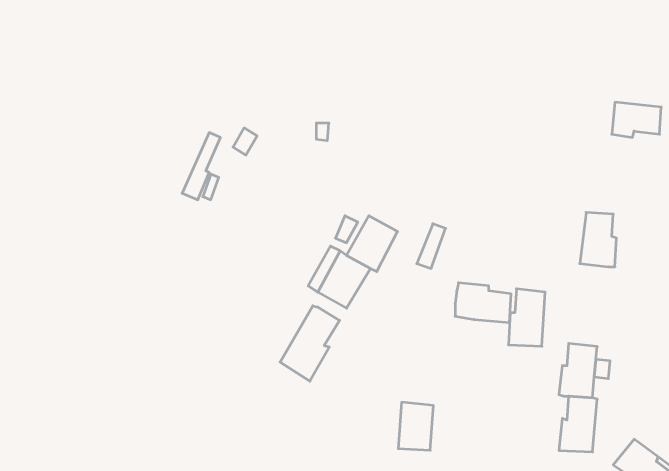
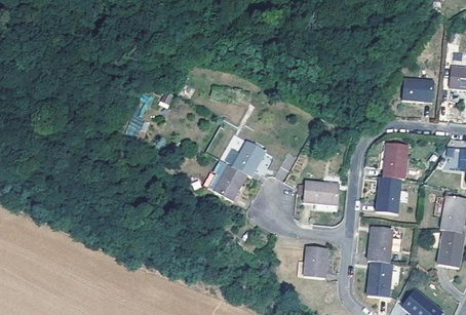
building: [508,289,545,346] -> [376,176,399,213]
building: [280,306,340,381] -> none
building: [398,402,433,450] -> [305,250,327,281]

